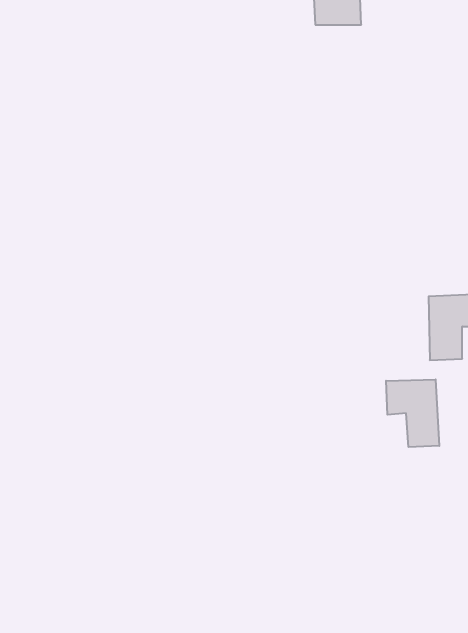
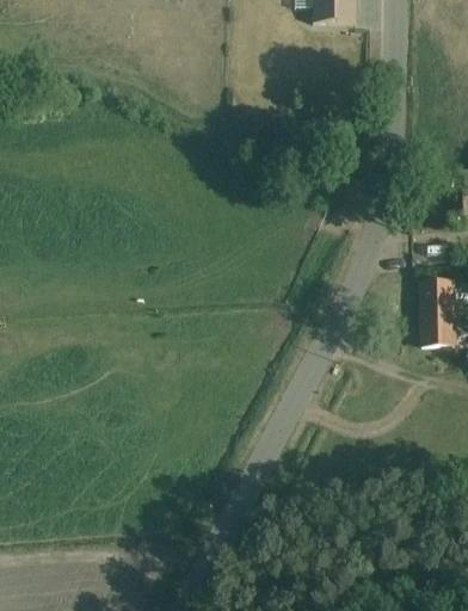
building: [386,379,439,447] -> none

